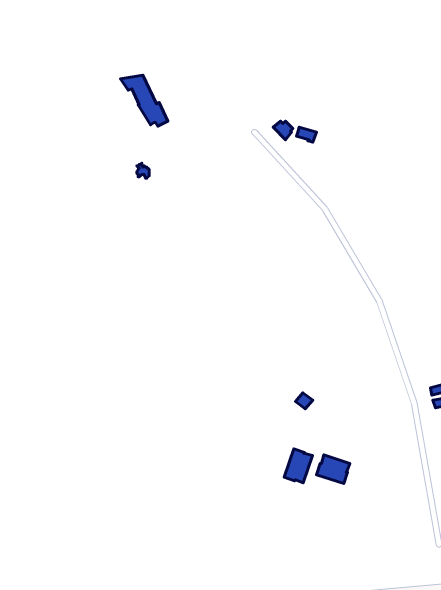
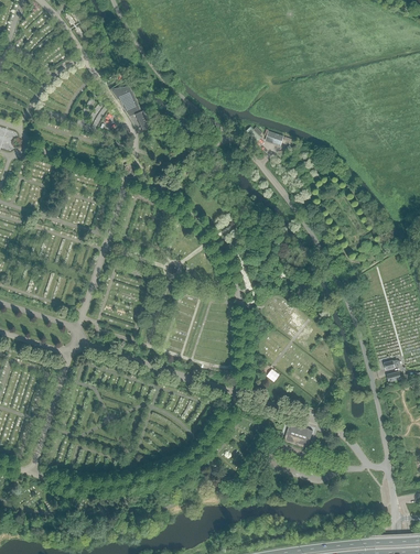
building: [284,449,312,483] -> none

